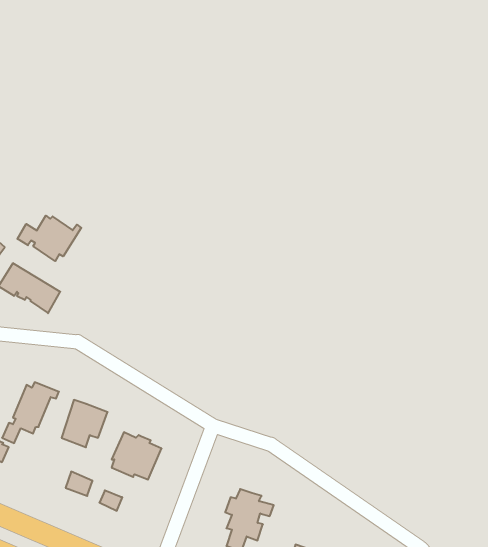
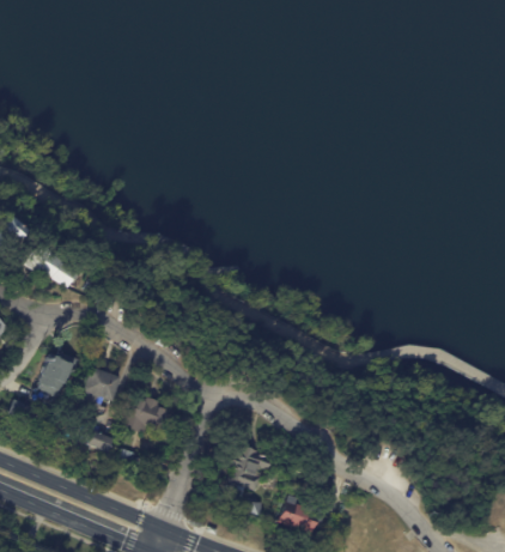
building: [17,216,81,261] -> none

